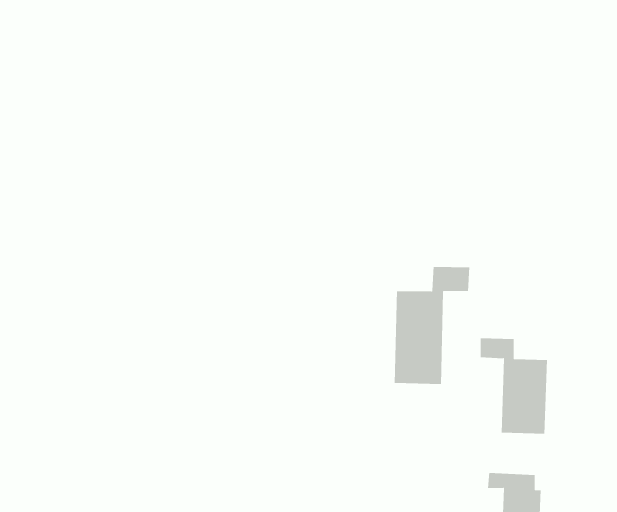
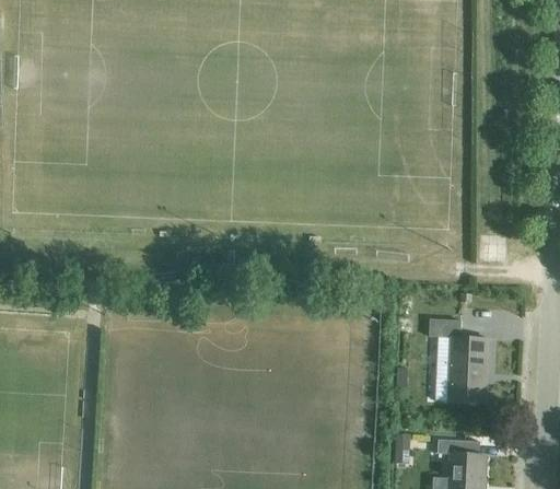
building: [394,266,470,385] -> none

